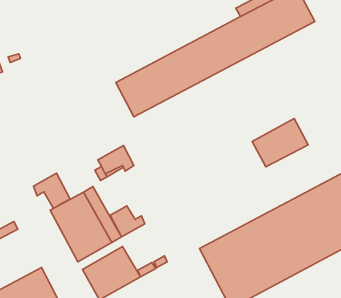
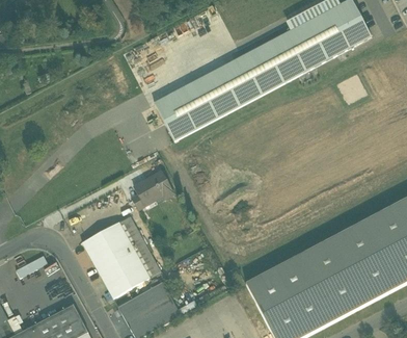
building: [252,118,308,167] -> none
building: [33,173,70,208] -> none
building: [110,206,145,237] -> none

